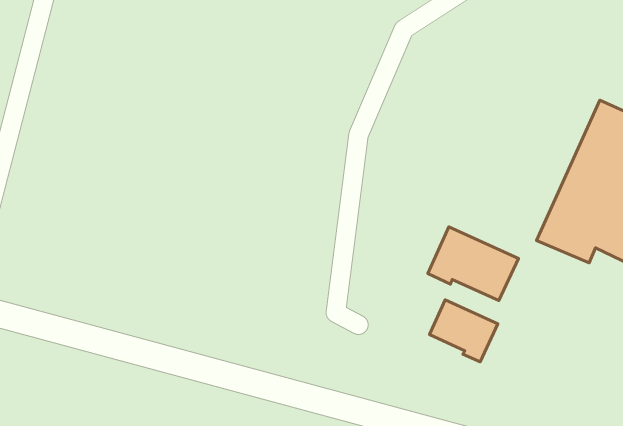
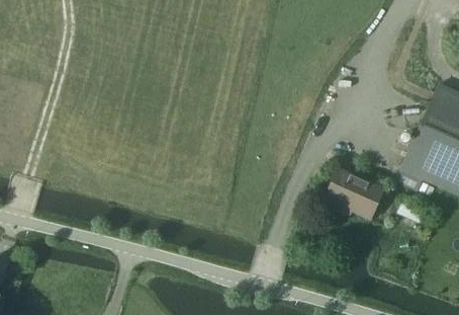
building: [430,300,498,362] -> none

